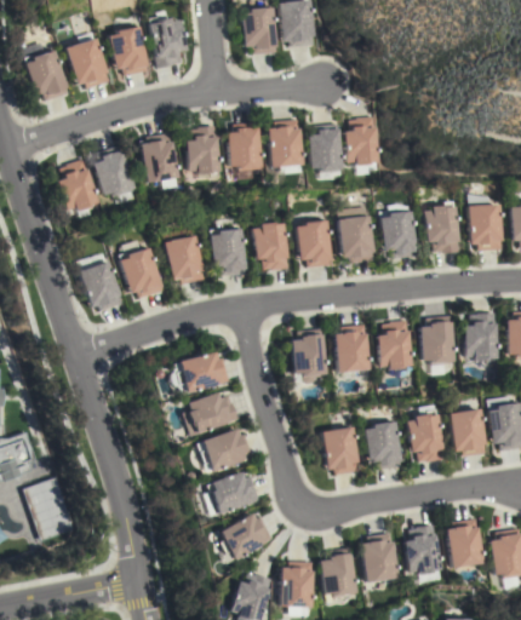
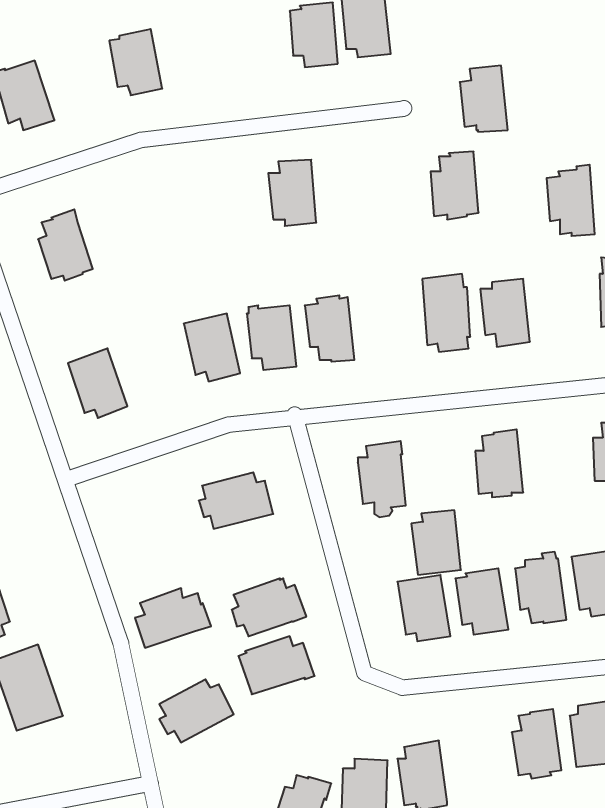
building: [149,17,187,68] -> none
building: [65,38,109,88] -> none
building: [267,120,302,167] -> none
building: [307,124,342,172] -> [460,66,508,132]
building: [184,126,219,177] -> none
building: [139,133,177,182] -> none
building: [92,145,134,197] -> none
building: [424,201,459,253] -> [547,165,595,236]
building: [296,218,332,268] -> none
building: [119,247,164,298] -> none
building: [419,316,454,364] -> none
building: [333,325,370,372] -> [411,510,461,575]
building: [183,391,239,435] -> [135,588,211,648]
building: [217,513,271,559] -> [159,679,234,742]
building: [360,533,397,581] -> none

